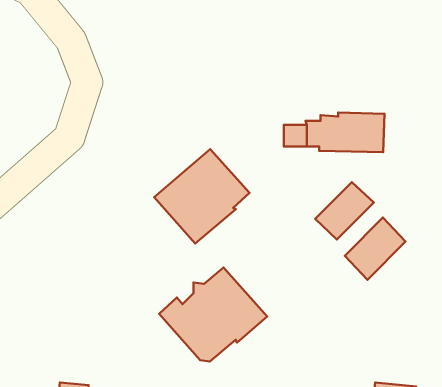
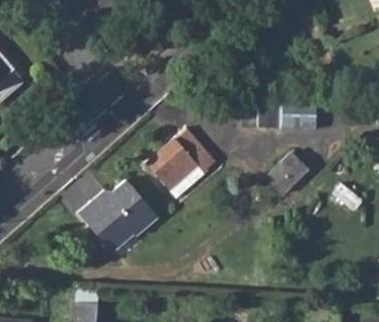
building: [345,218,406,280] -> none
building: [159,267,267,362] -> [78,179,158,249]

